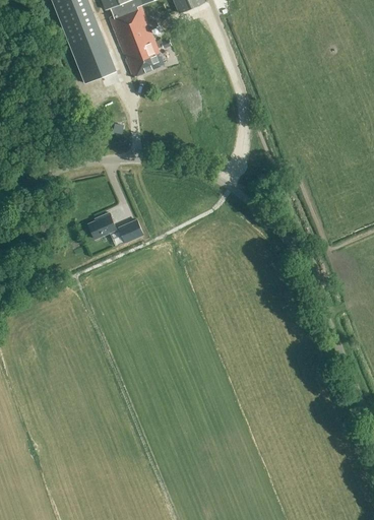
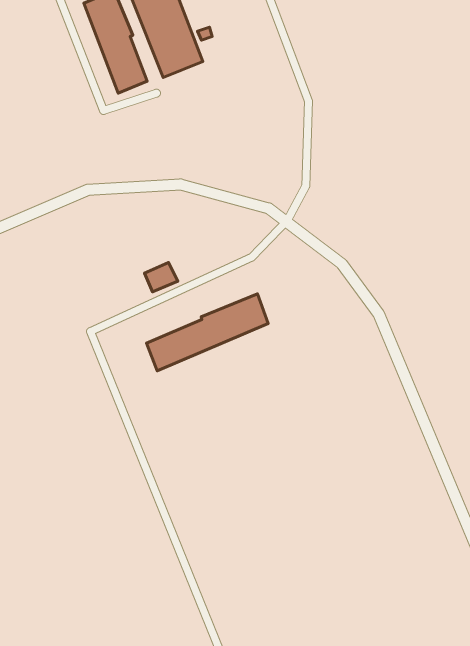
building: [84,210,113,237] -> none
building: none -> [146,294,268,371]

